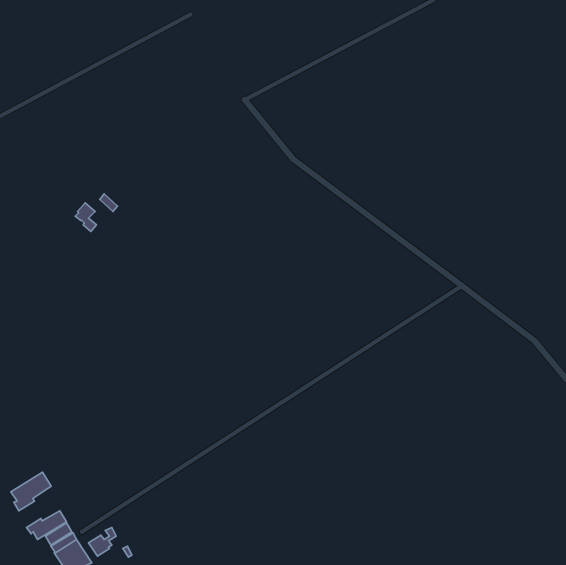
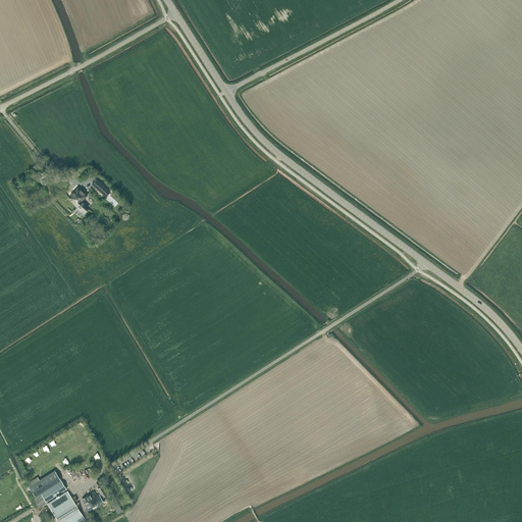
building: [11,472,51,511] -> none

